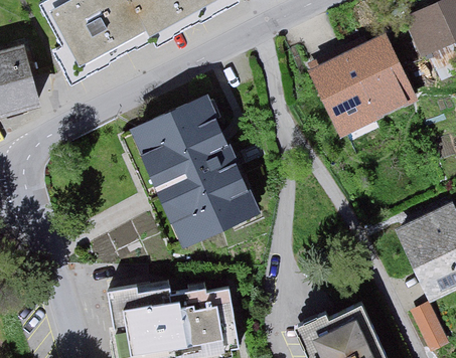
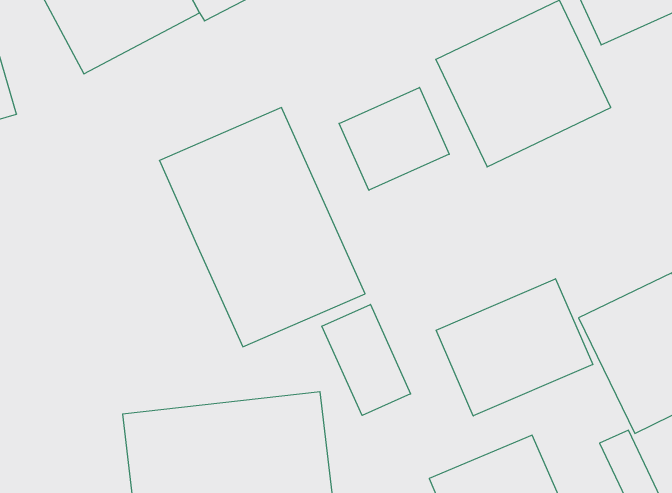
building: none -> [339,87,449,190]
building: none -> [436,279,593,416]
building: none -> [322,304,411,415]

